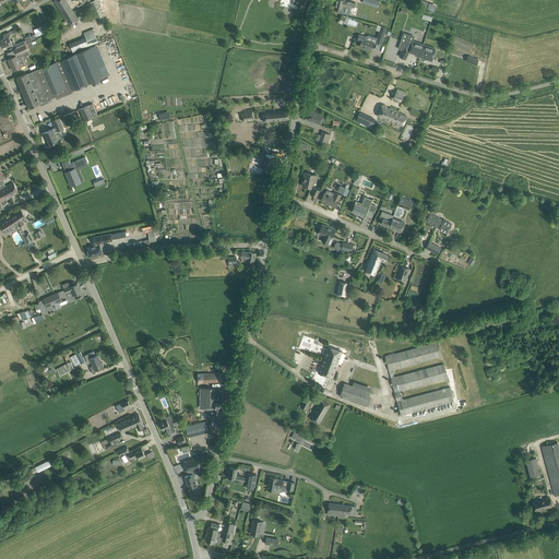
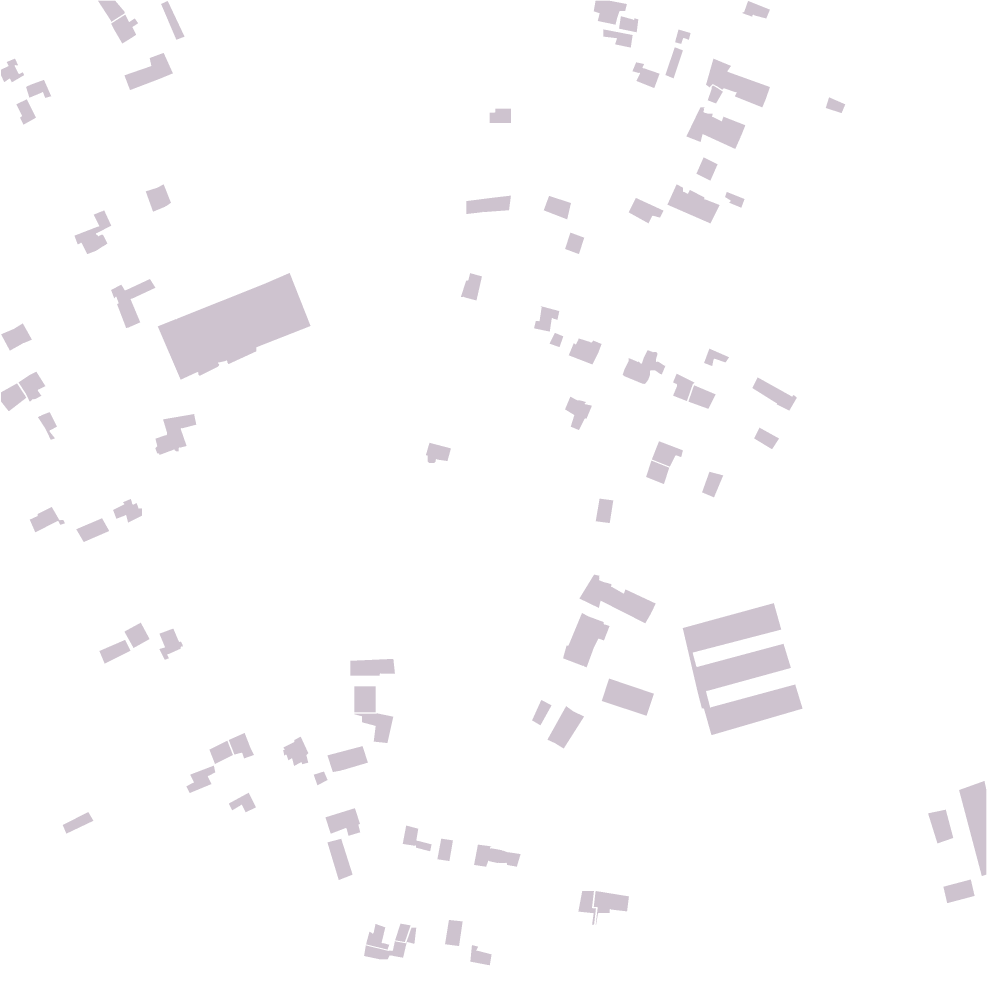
building: [16,47,104,108] -> [157,272,311,380]
building: none -> [686,107,746,150]
building: none -> [578,574,656,624]

